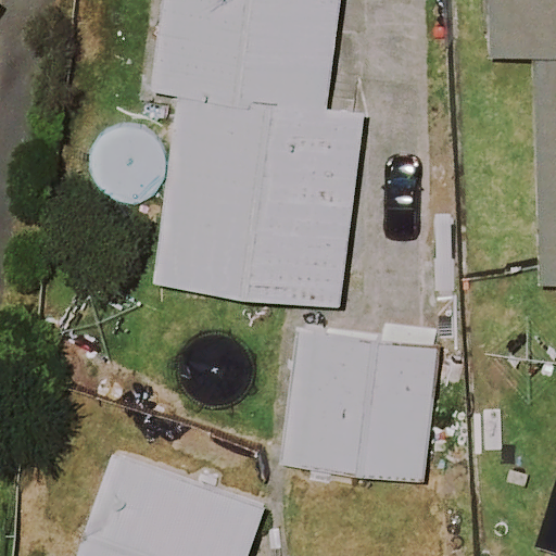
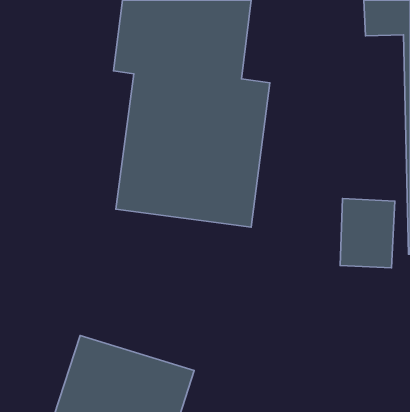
building: [279,328,433,479] -> none

